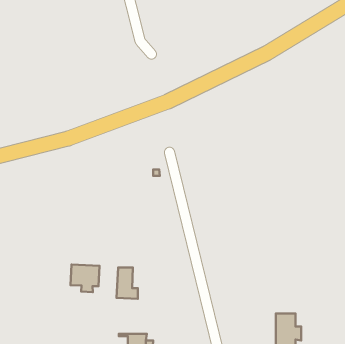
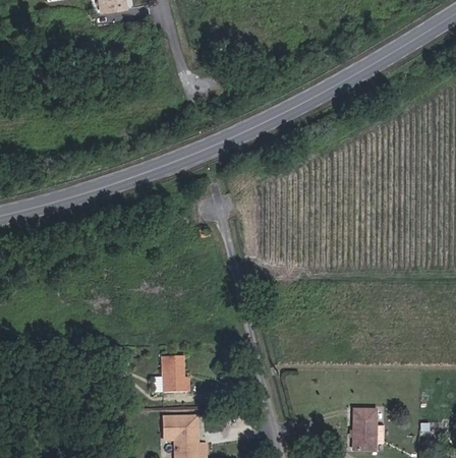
building: [71,265,99,292] -> none
building: none -> [158,414,193,434]

